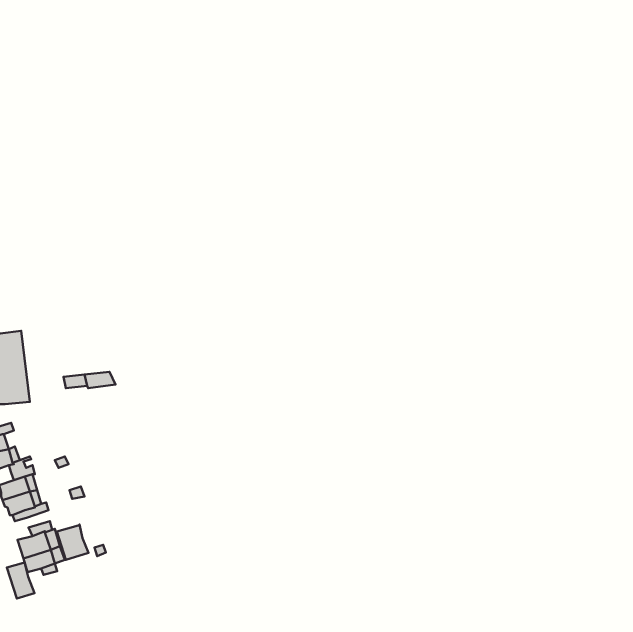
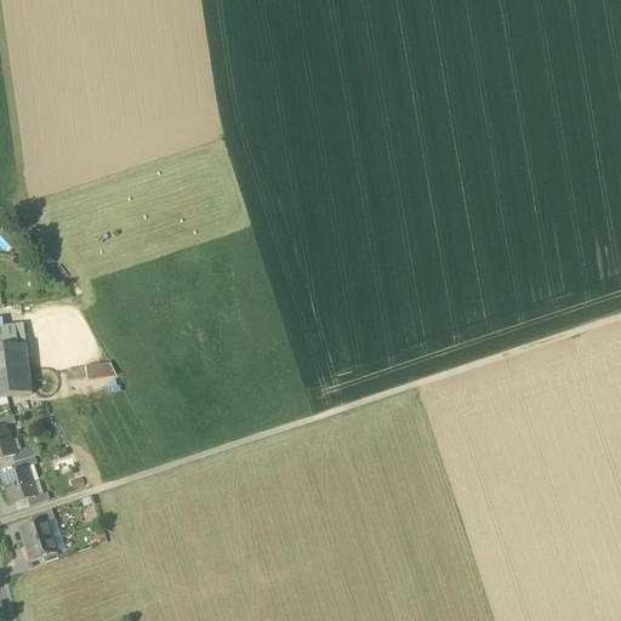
building: [57,525,89,560] -> none
building: [7,562,34,598] -> none

